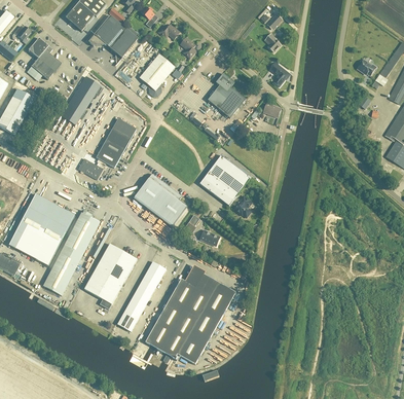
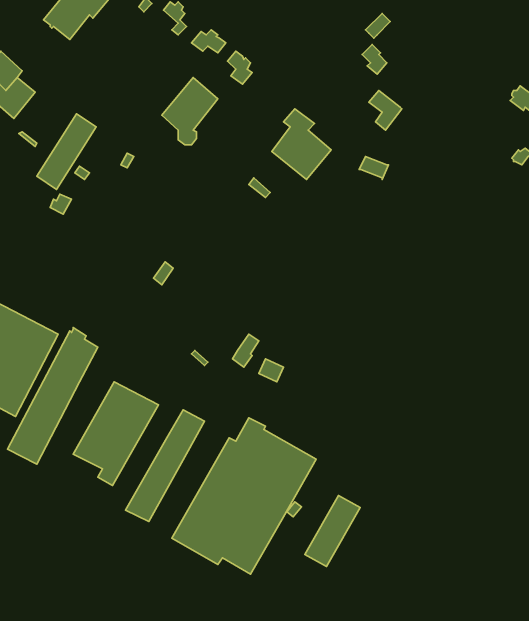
building: [88,14,135,65] -> none
building: [77,118,136,179] -> none
building: [199,154,251,217] -> none
building: [133,173,190,226] -> none
building: none -> [305,496,360,566]

